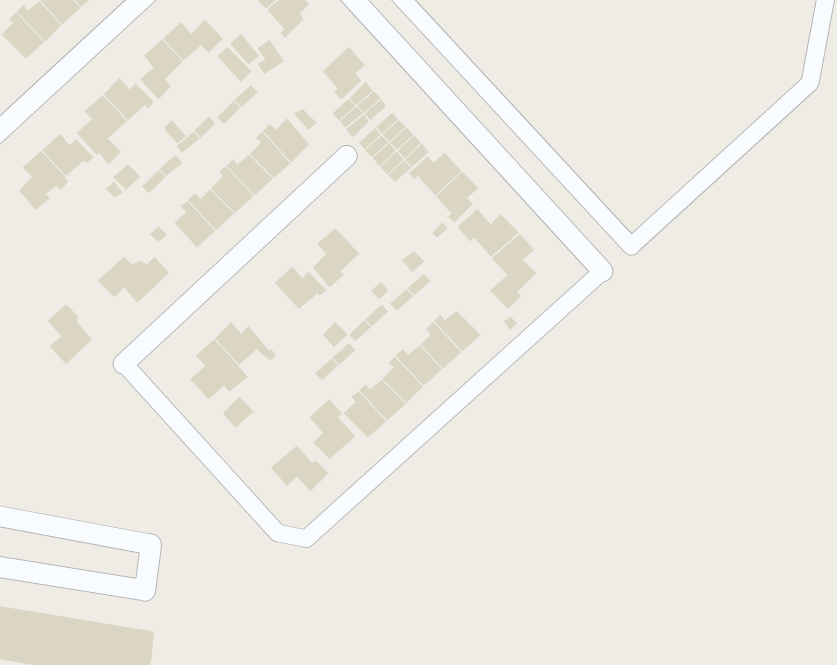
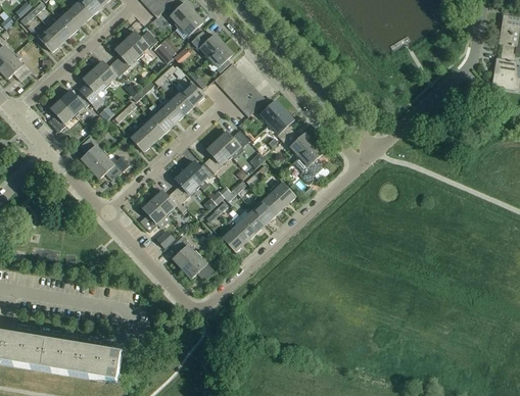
building: none -> [191,31,224,56]
building: none -> [217,129,249,153]
building: none -> [172,168,197,201]
building: [47,303,93,365] -> [80,135,104,167]
building: [308,398,356,460] -> [171,234,196,266]

